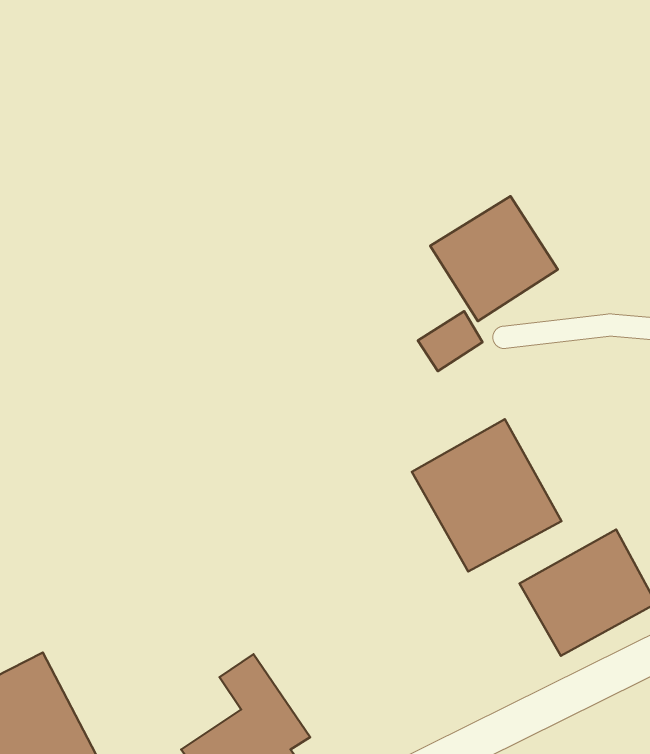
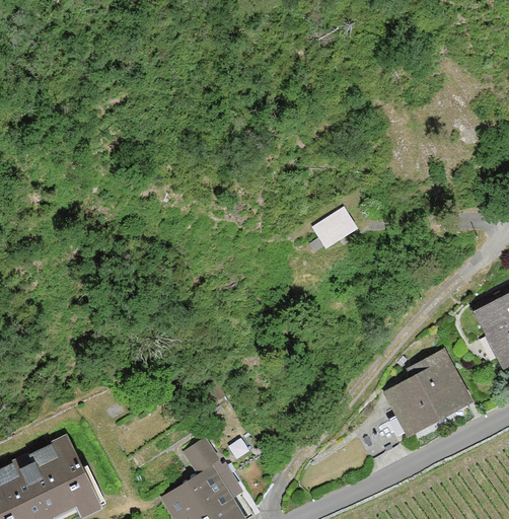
building: [430,196,558,321] -> none
building: [412,419,562,572] -> none

